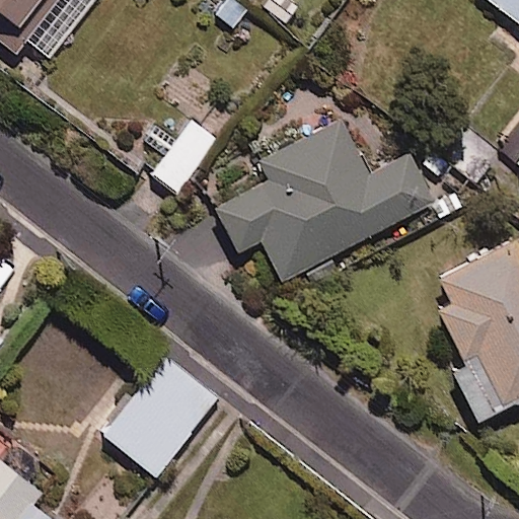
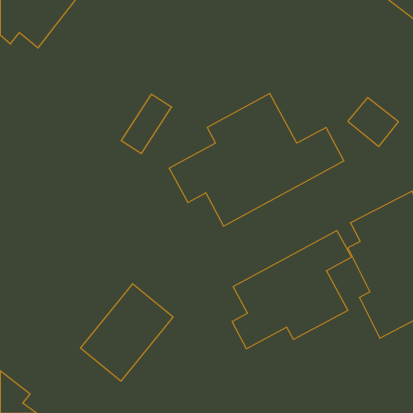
building: none -> [232,231,351,349]

